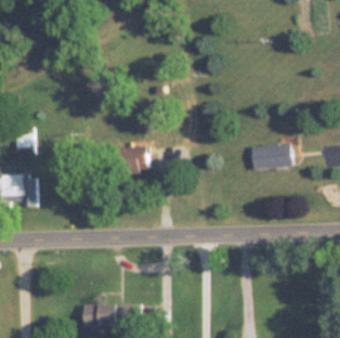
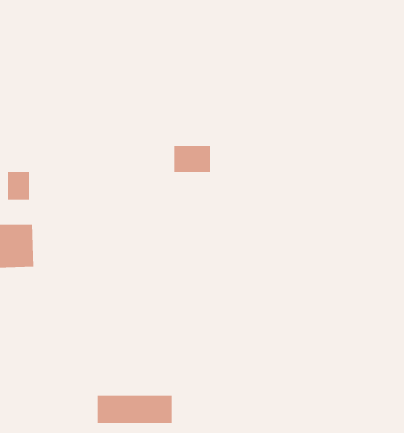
building: [250,143,292,170] -> none
building: [120,146,148,167] -> [174,145,211,172]

